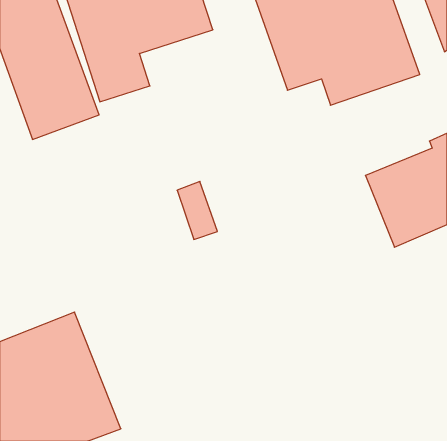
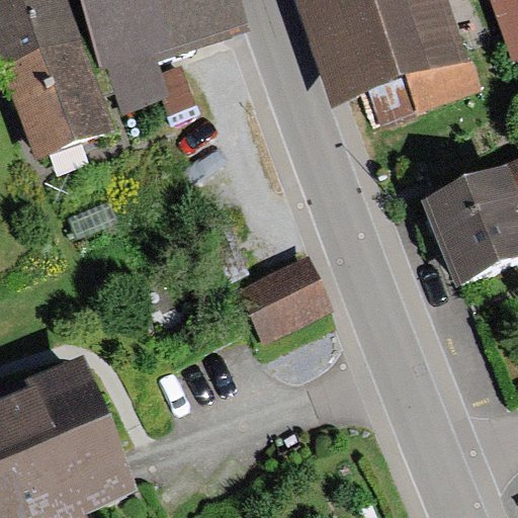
building: none -> [240,254,332,338]

